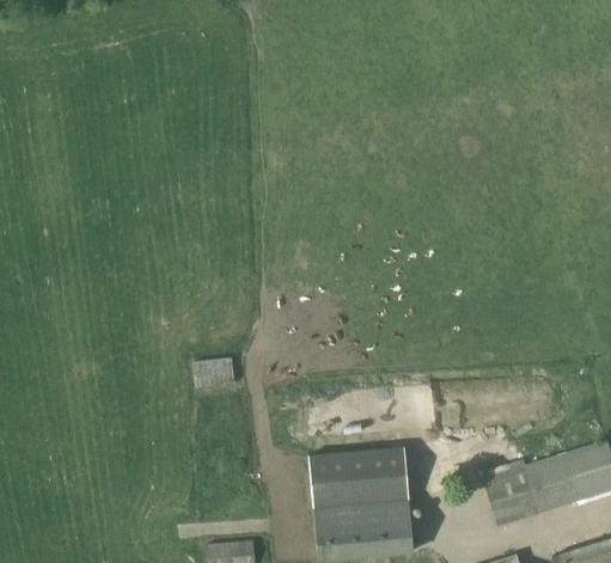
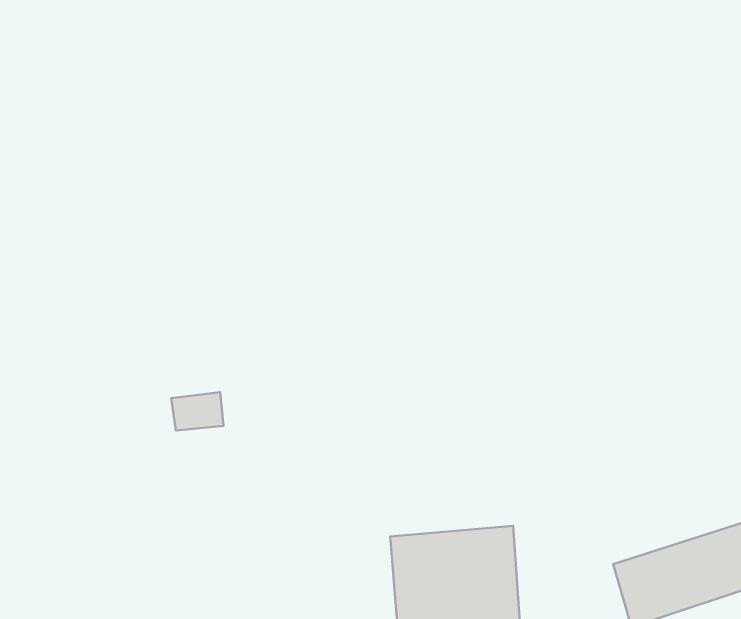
building: [194,356,234,386] -> [171,392,223,431]

